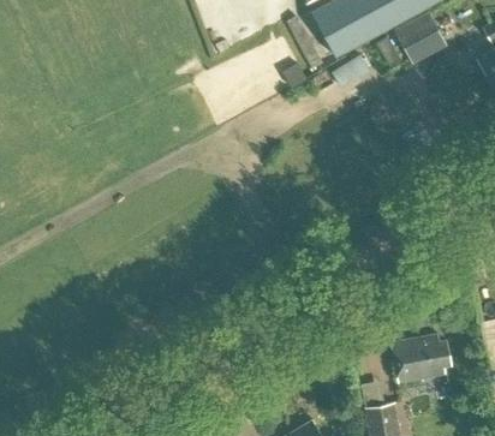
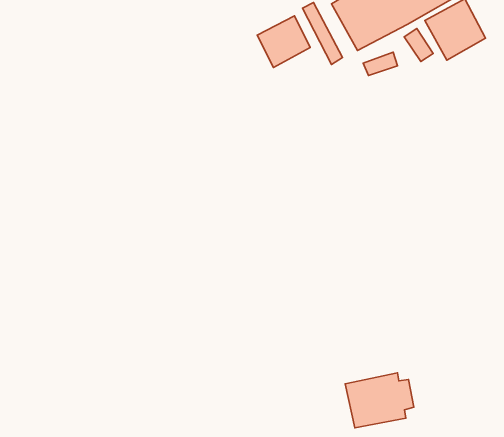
building: none -> [257,16,310,67]
building: [392,333,452,381] -> [345,373,414,428]

